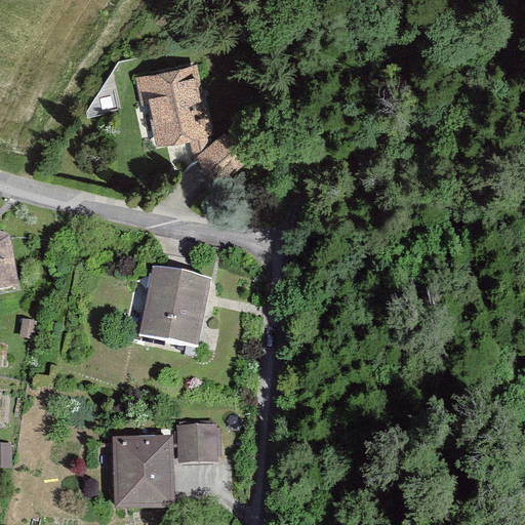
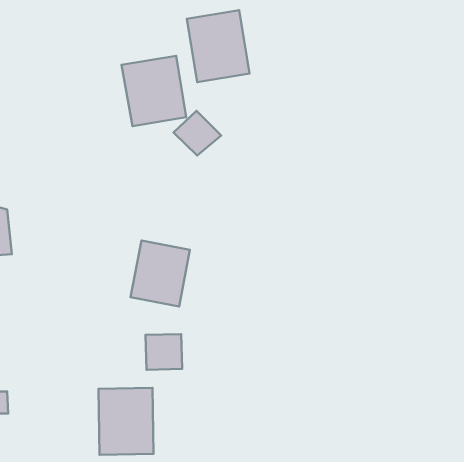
building: none -> [187,10,249,82]
building: [174,420,215,460] -> [146,334,182,370]

